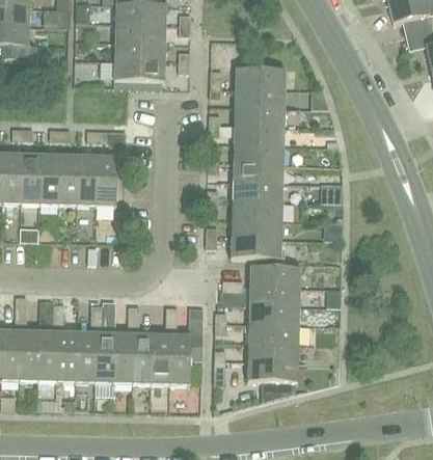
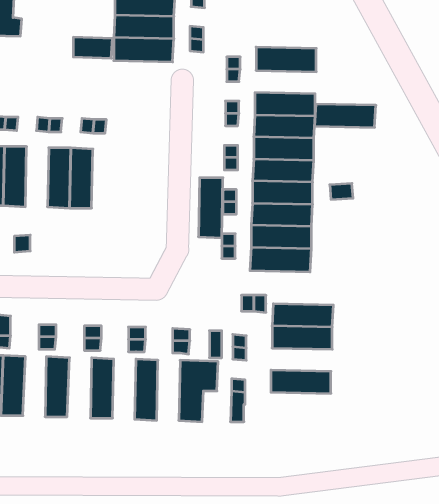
building: [234,87,286,107] -> [314,104,376,127]
building: [39,152,59,202] -> none
building: [96,154,116,205] -> [198,178,223,238]
building: [249,265,300,286] -> none
building: [247,322,299,342] -> none
building: [37,329,57,380] -> none
building: [75,330,96,381] -> none
building: [113,331,133,382] -> none
building: [151,332,170,383] -> none
building: [246,359,298,380] -> none

